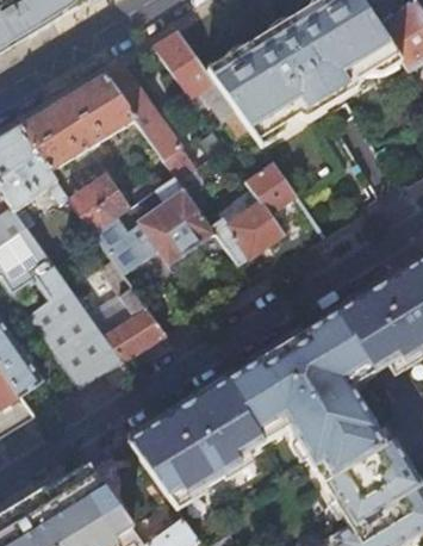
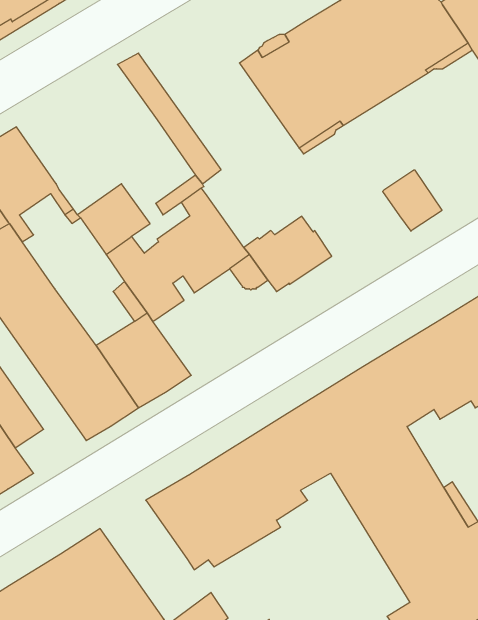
building: [153,29,248,138] -> none
building: [19,73,137,173] -> none
building: [244,162,294,213] -> [383,170,442,231]

